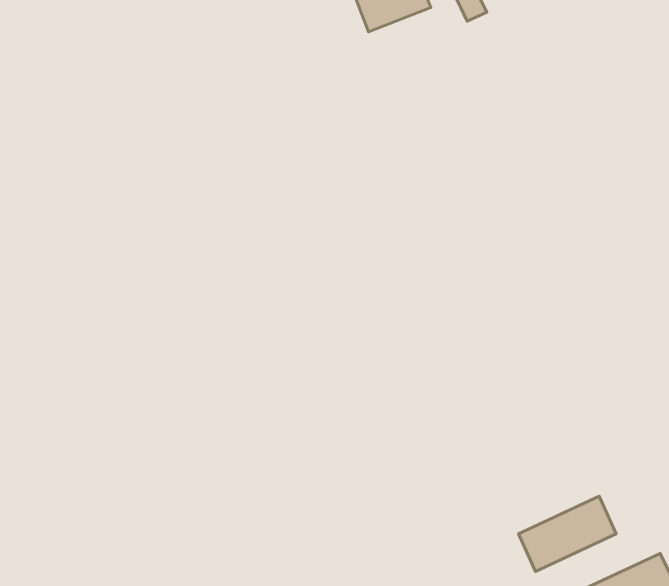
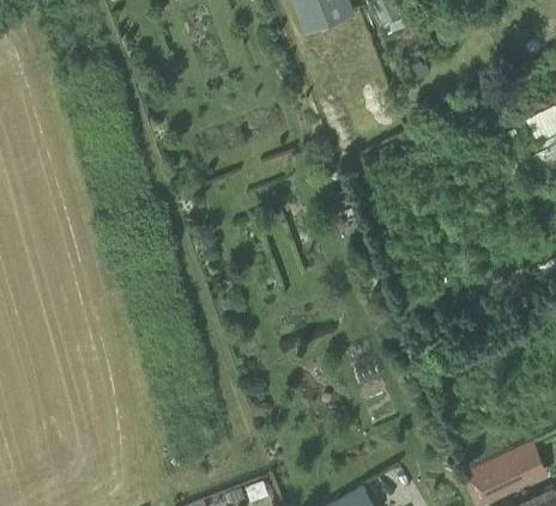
building: [519,496,616,571] -> none

